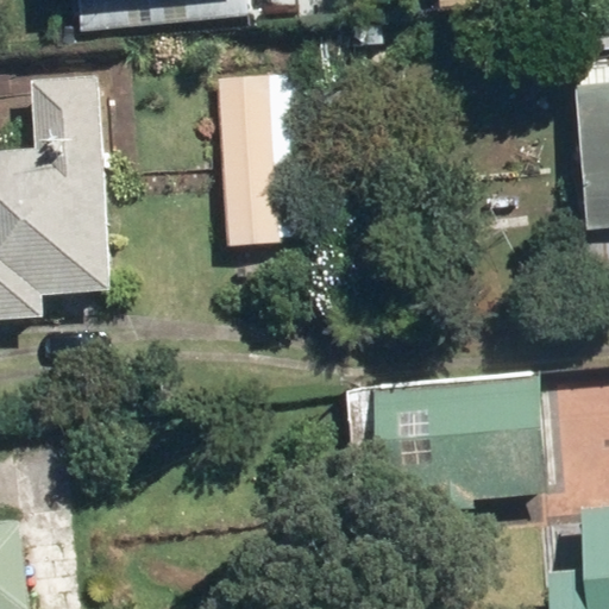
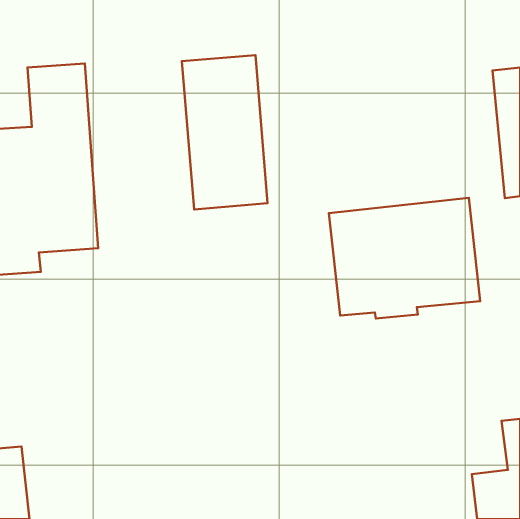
building: [370,371,546,511] -> [329,198,480,318]

